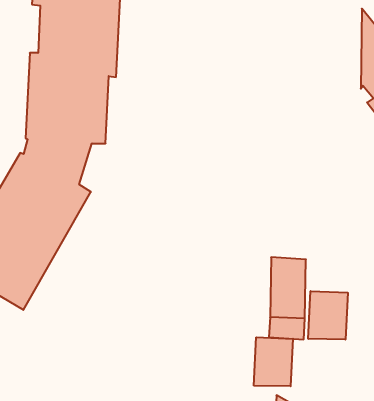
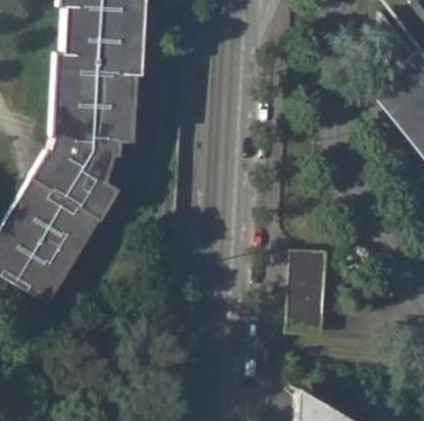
building: [308,291,348,340] -> none
building: [254,337,293,386] -> none

